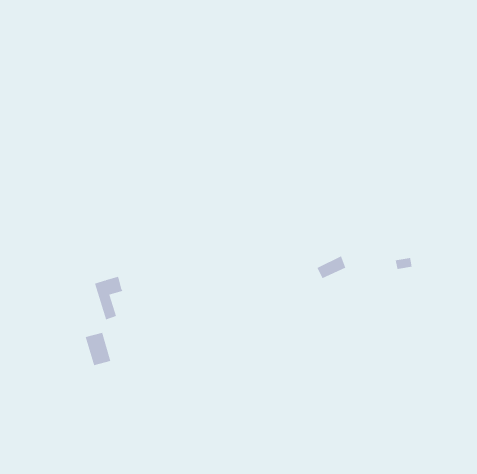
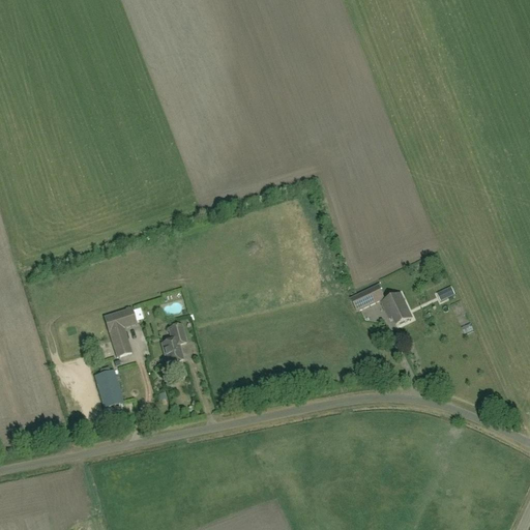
building: none -> [382,292,412,323]
building: none -> [163,324,185,362]

